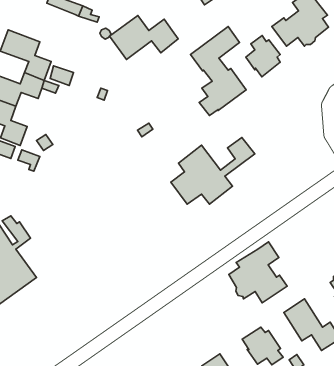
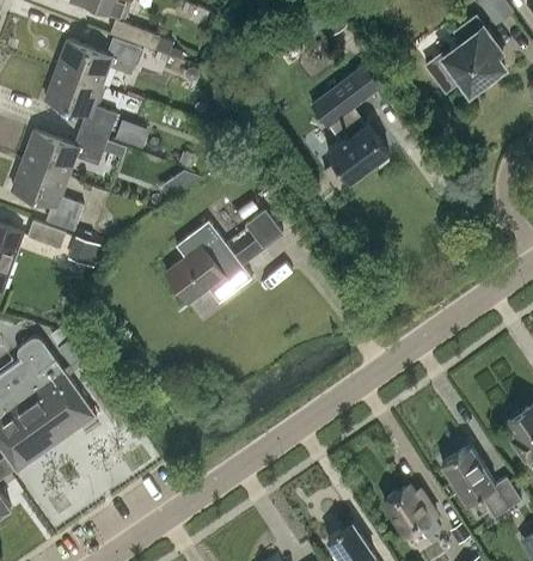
building: none -> [56,39,141,87]
building: [109,16,178,59] -> none
building: [246,35,280,77] -> none
building: [171,137,255,204] -> [165,211,282,304]
building: [229,242,287,303] -> none

